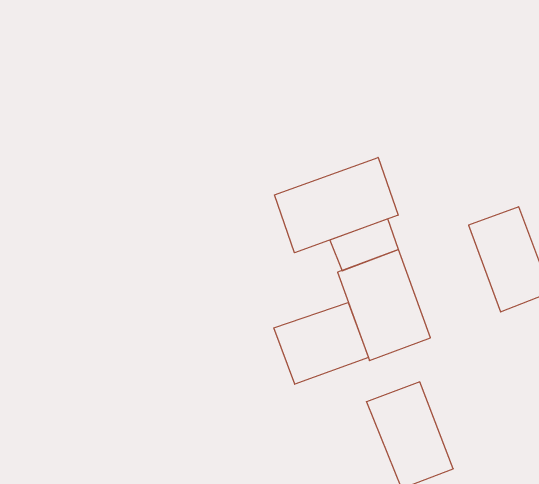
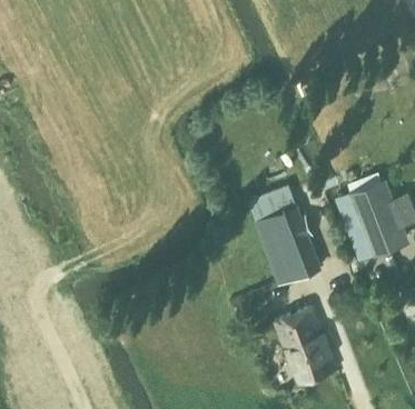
building: [275,157,398,253] -> none
building: [274,302,368,384] -> none

